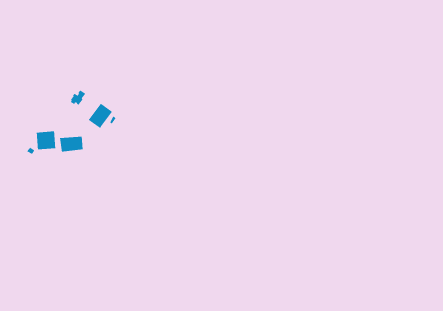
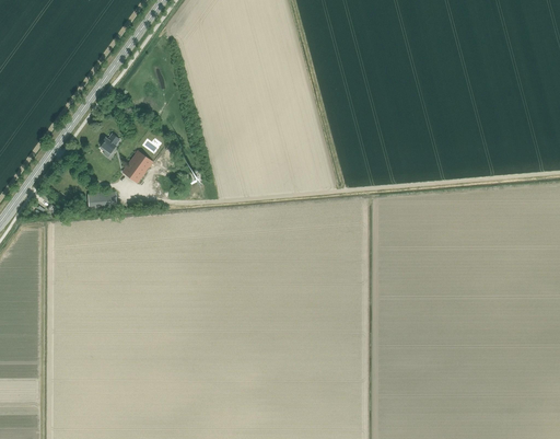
building: [36,130,56,150] -> none

